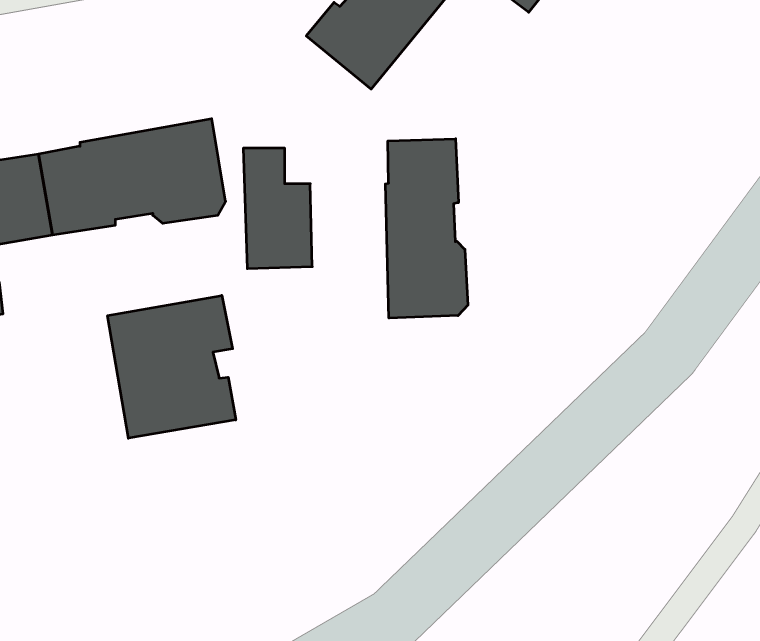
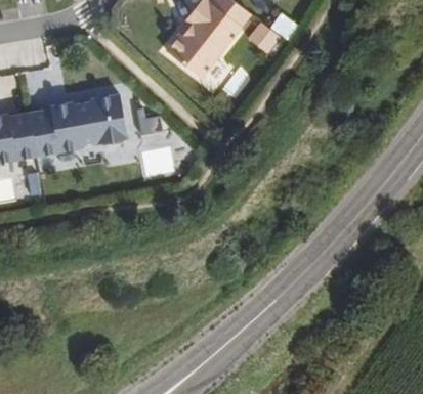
building: [385,139,468,318] -> none
building: [108,295,236,438] -> none

